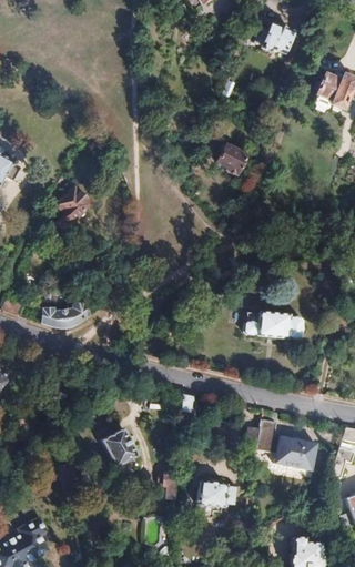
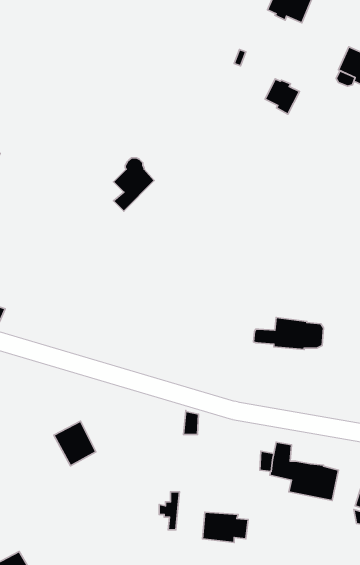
building: [215,143,245,174] -> [265,79,299,114]
building: [57,182,92,229] -> [114,158,154,211]
building: [41,301,89,326] -> none
building: [100,427,136,466] -> [54,421,96,466]

